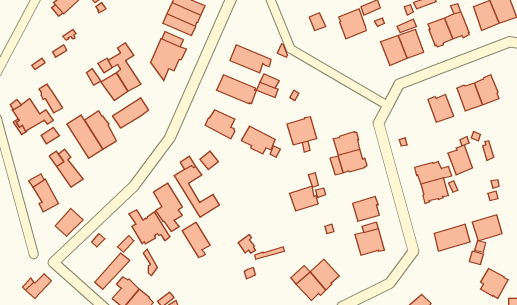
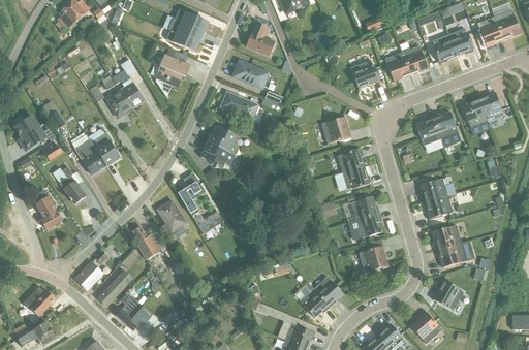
building: none -> [245,21,274,55]
building: [339,9,366,39] -> [350,58,378,88]
building: [113,98,149,128] -> none
building: [287,117,317,145] -> [320,115,350,142]
building: [241,126,275,154] -> [199,140,234,168]
building: [448,145,473,175] -> [414,115,439,145]
building: [289,186,318,211] -> [349,194,378,219]
building: [55,208,83,236] -> [74,260,102,288]
building: [472,215,502,241] -> [431,223,461,249]
building: [182,222,210,258] -> none
building: [480,268,508,298] -> [435,279,463,309]

